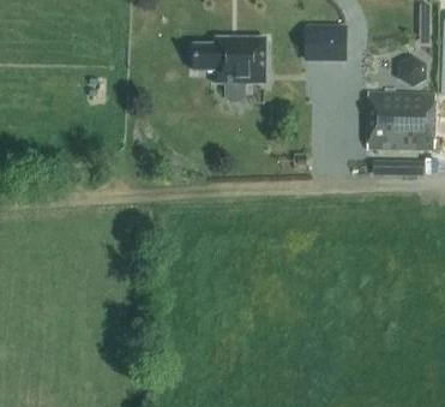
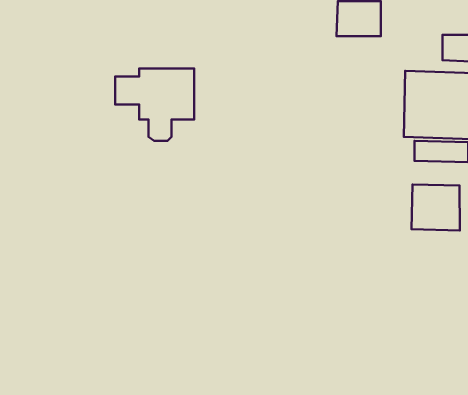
building: [194,36,265,101] -> [115,68,194,141]
building: none -> [412,184,460,231]

